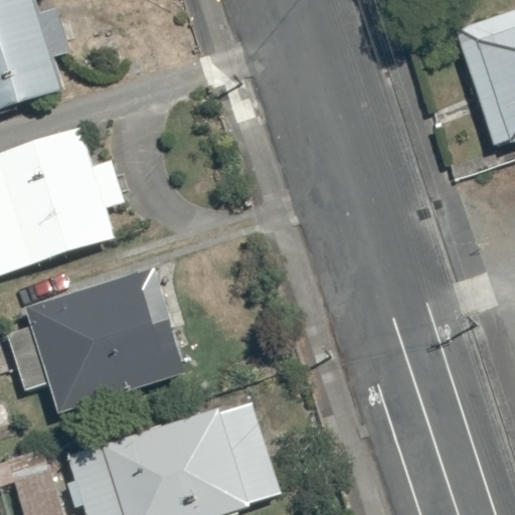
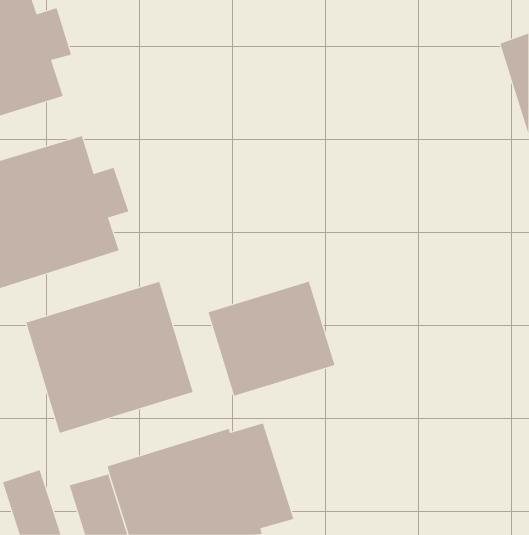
building: none -> [208,281,335,397]

